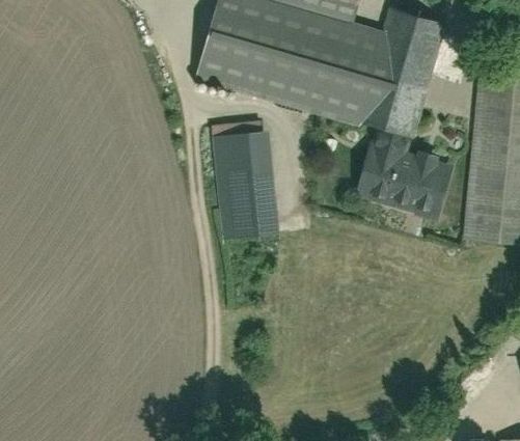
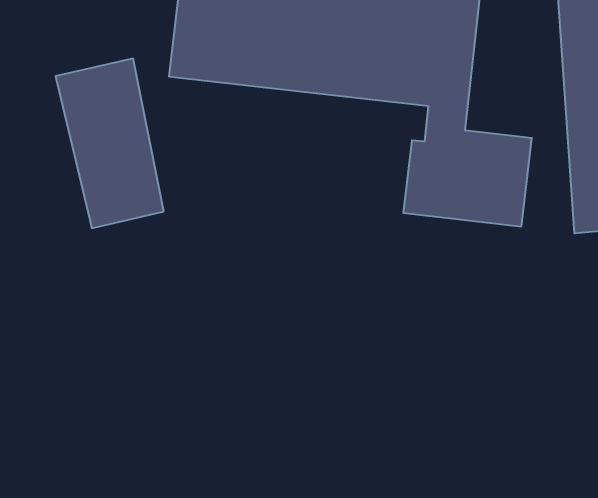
building: [212,123,278,245] -> [56,59,164,228]

